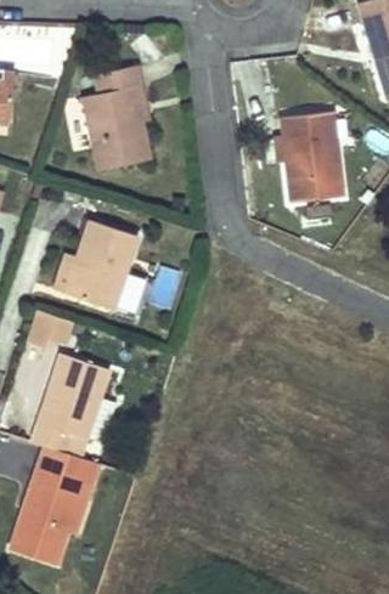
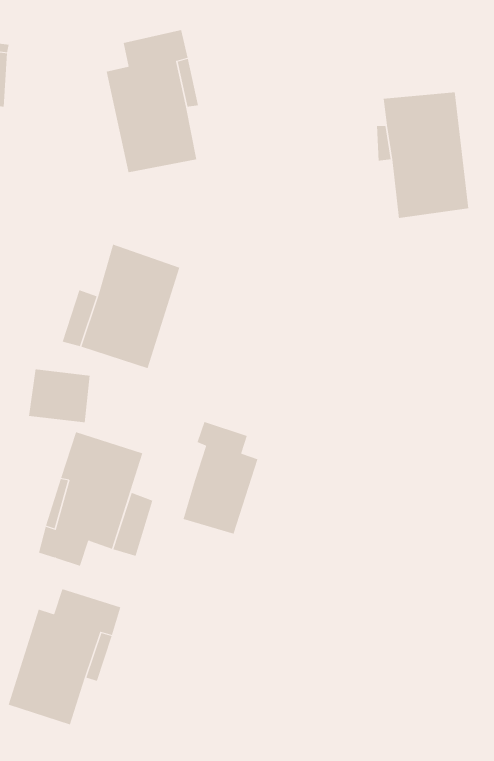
building: none -> [183,421,258,535]
building: [34,446,100,486] -> none

